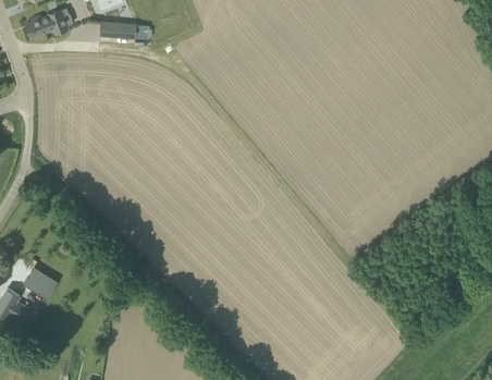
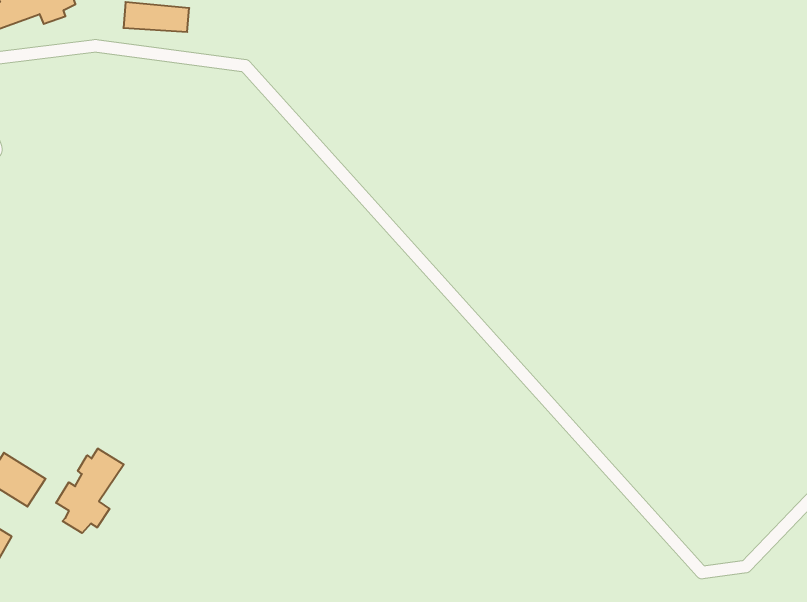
building: none -> [56,448,124,533]

